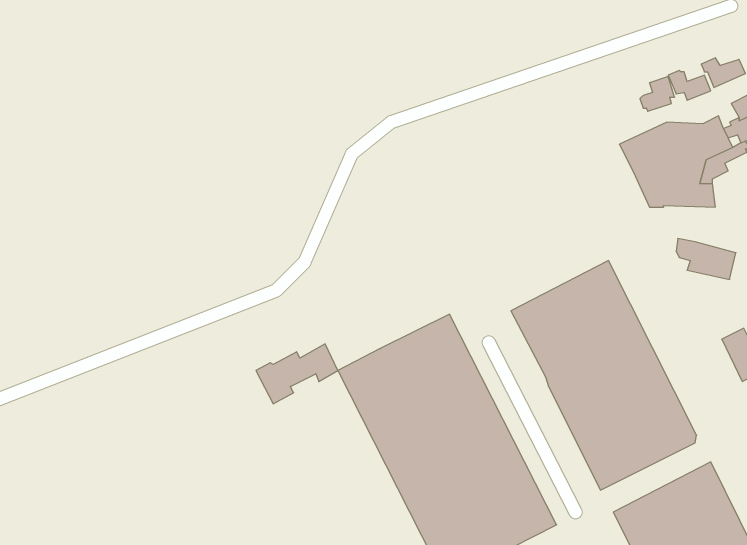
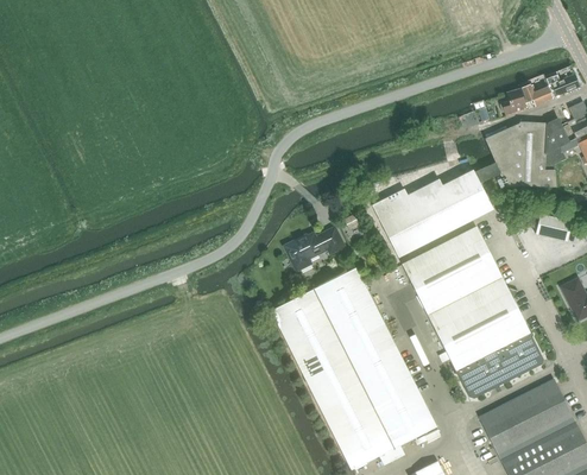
building: none -> [372,163,501,258]
building: [256,344,338,404] -> [284,226,346,271]

